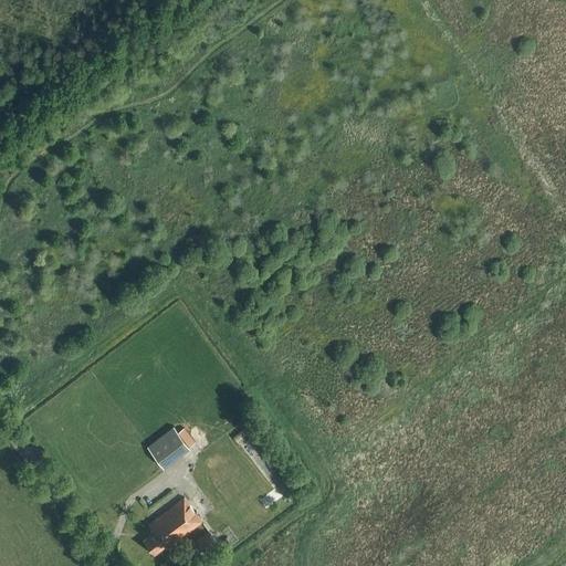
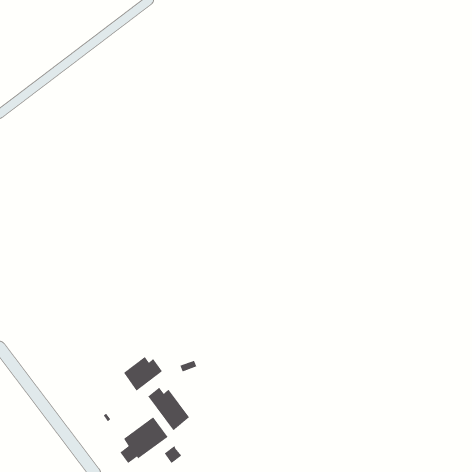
building: none -> [148,387,190,431]

